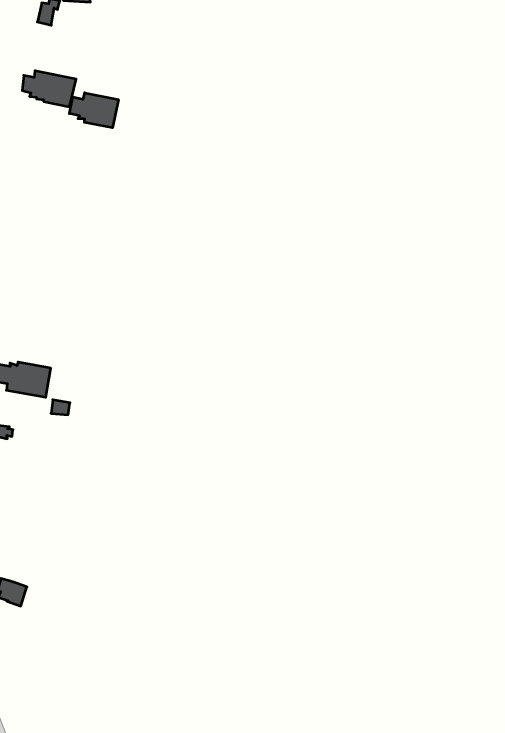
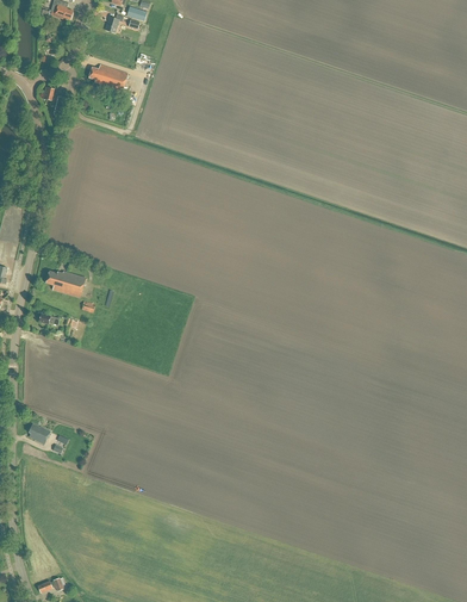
building: [69,93,118,128] -> none

